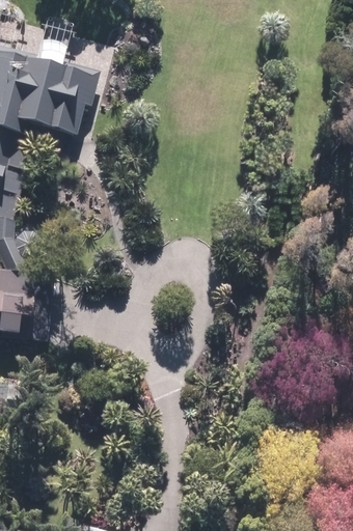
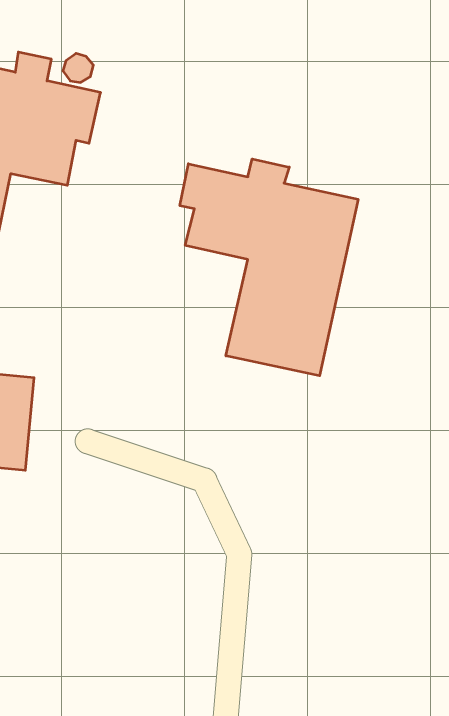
building: none -> [180,159,358,376]

